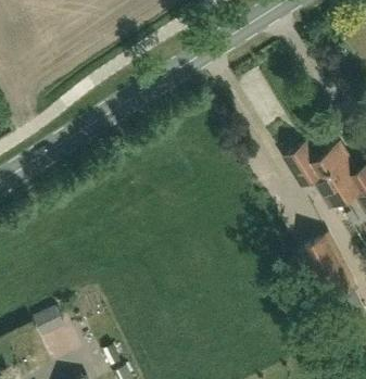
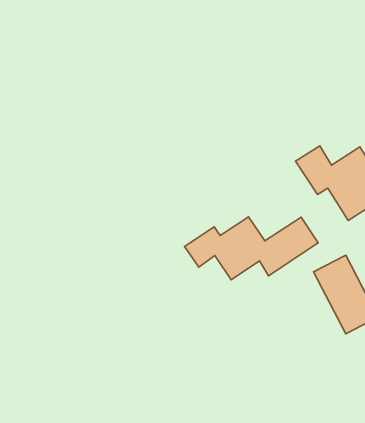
building: none -> [185,217,318,280]

